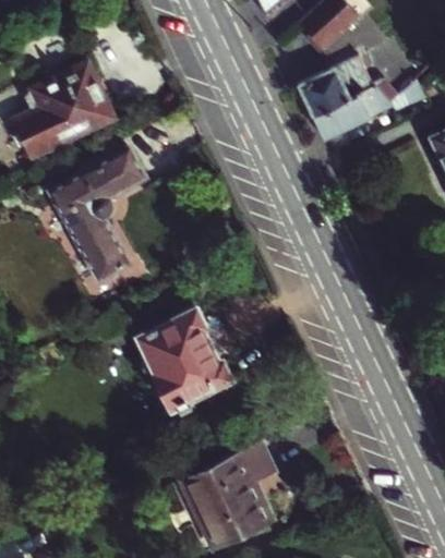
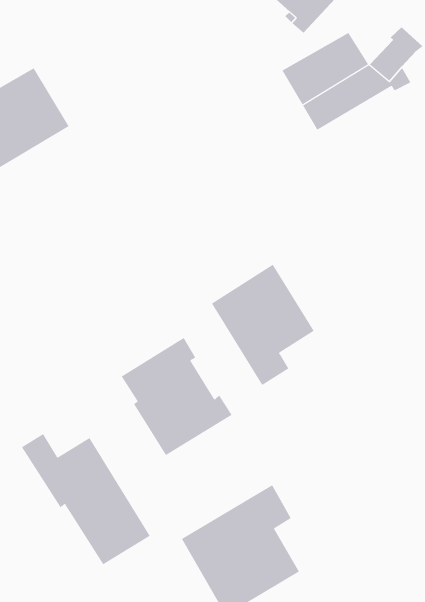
building: [51,151,145,279] -> none
building: none -> [211,264,315,386]
building: none -> [21,433,151,565]

